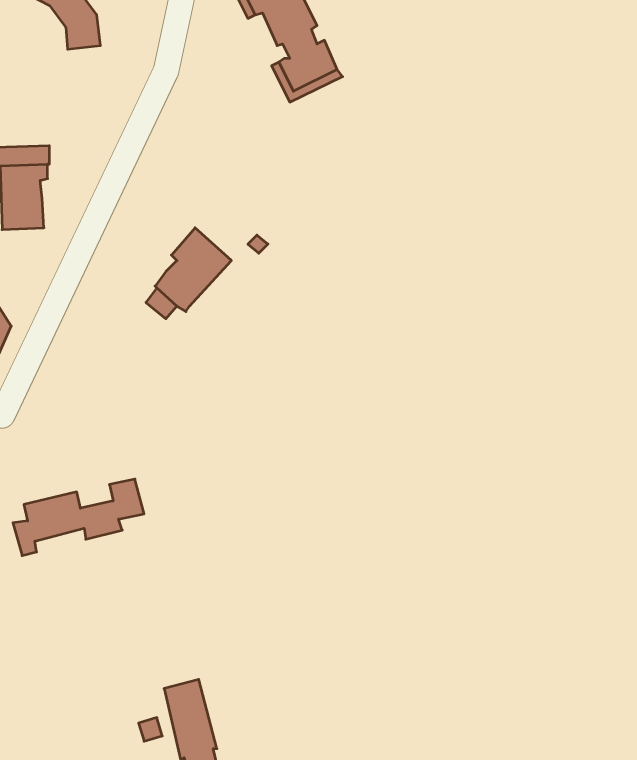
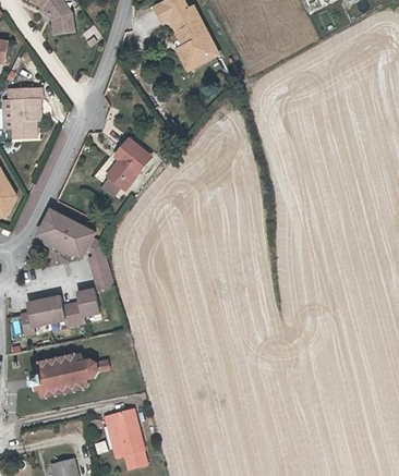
building: none -> [37,211,111,290]
building: none -> [29,344,107,393]

